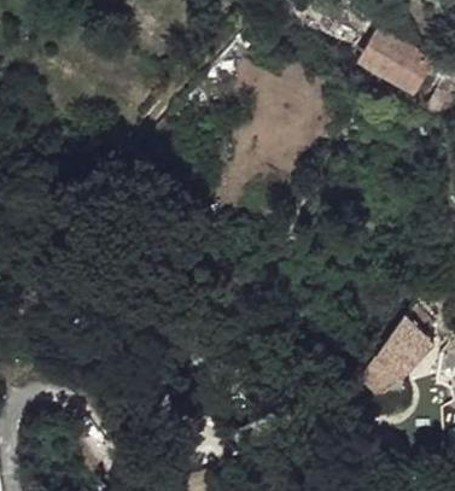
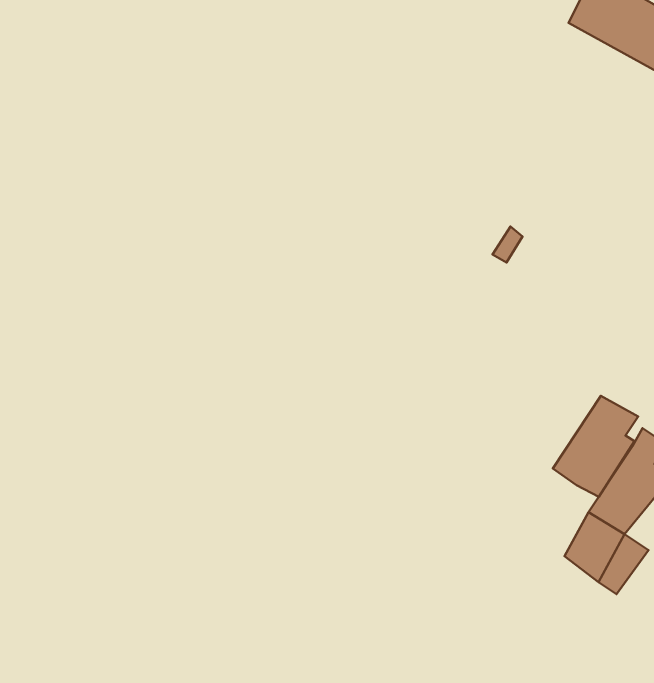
building: none -> [553,396,638,497]

